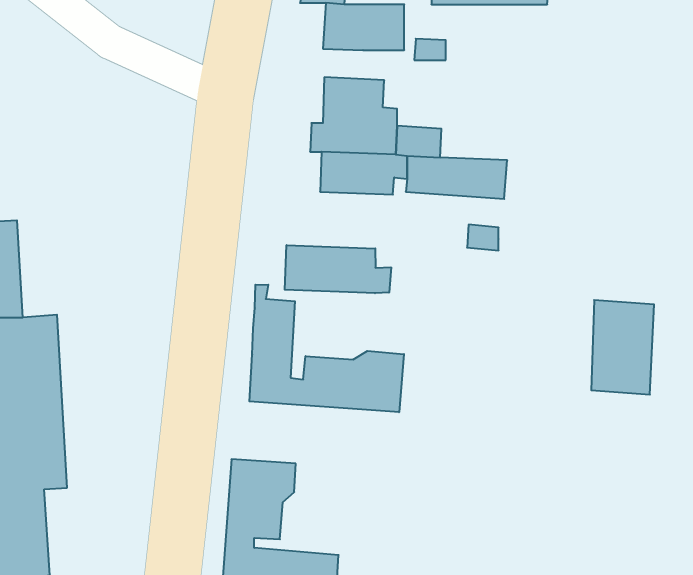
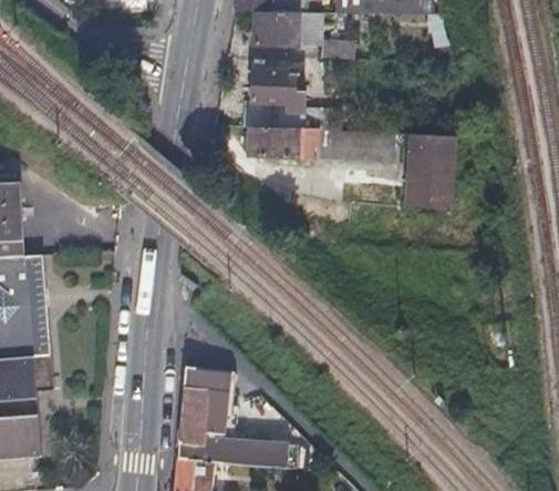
building: [285,245,391,293] -> none
building: [249,285,404,412] -> none
building: [591,300,654,395] -> [406,134,455,207]

